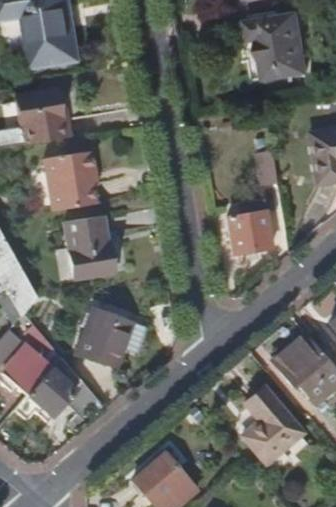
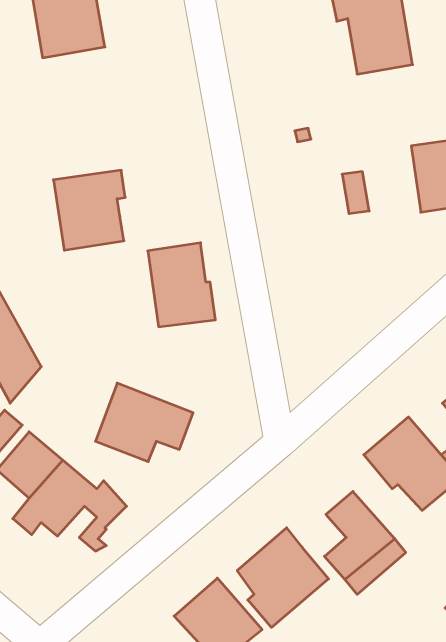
building: [18,88,68,143] -> none
building: [227,203,272,254] -> none
building: [66,215,116,277] -> [148,243,215,327]
building: none -> [237,528,329,627]

